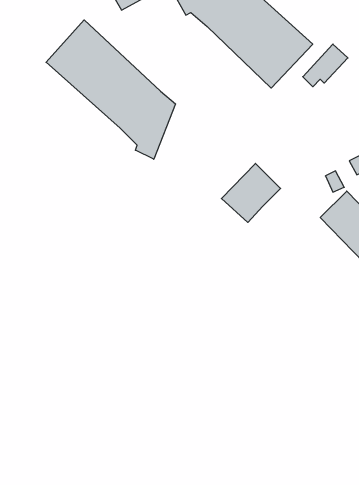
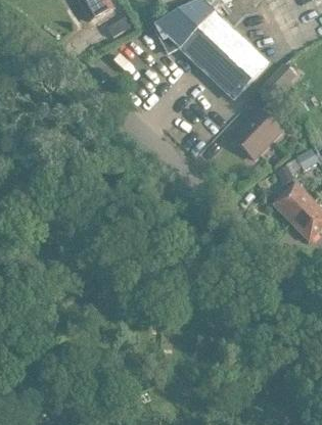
building: [46,20,175,159] -> none
building: [221,163,281,222] -> [232,108,280,156]

